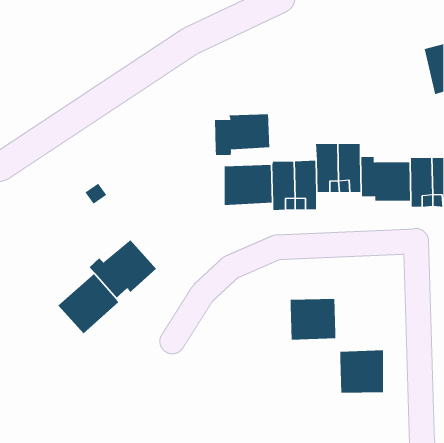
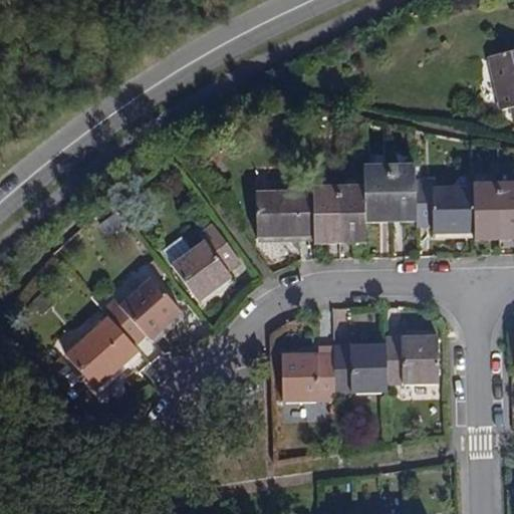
building: [214,114,270,156] -> none
building: none -> [172,222,240,300]
building: none -> [282,352,335,402]
building: [340,350,384,393] -> [387,334,438,384]

